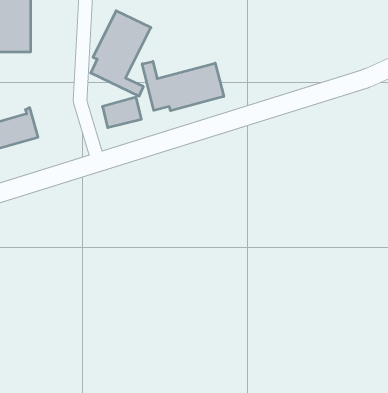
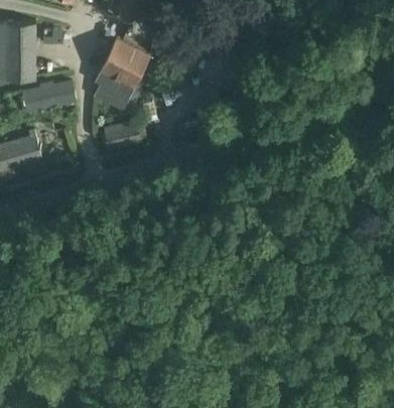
building: none -> [22,81,77,112]
building: [142,61,224,111] -> none

